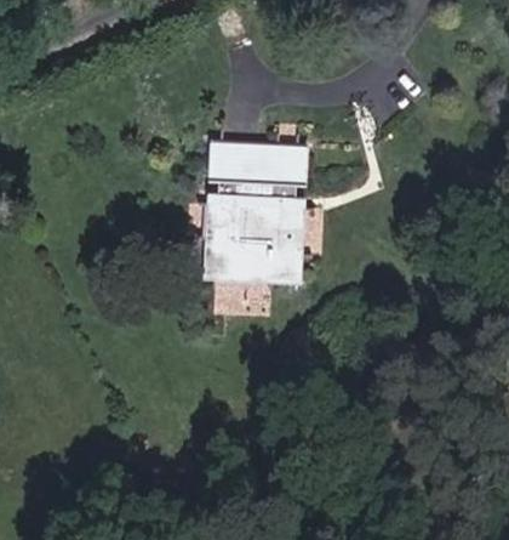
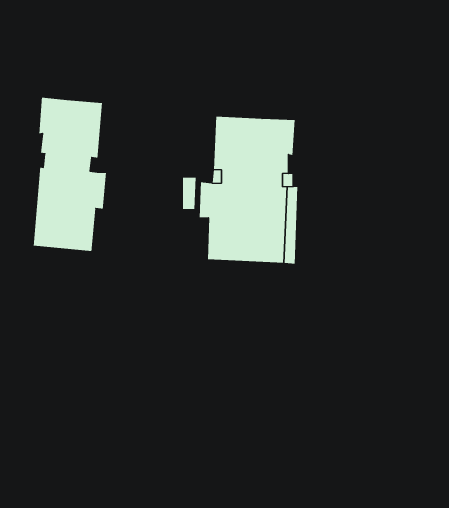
building: none -> [33,97,106,252]

